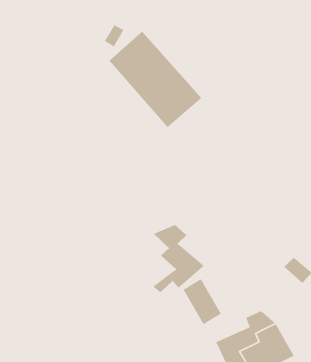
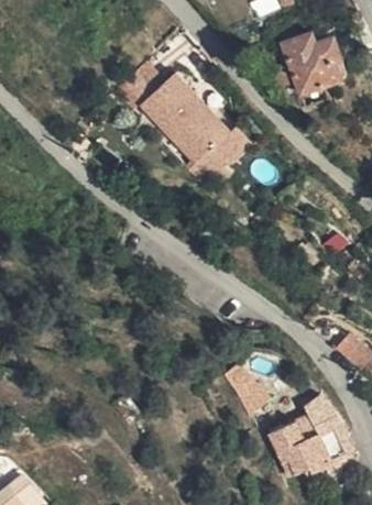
building: none -> [294,39,357,105]
building: [152,224,205,293] -> none

